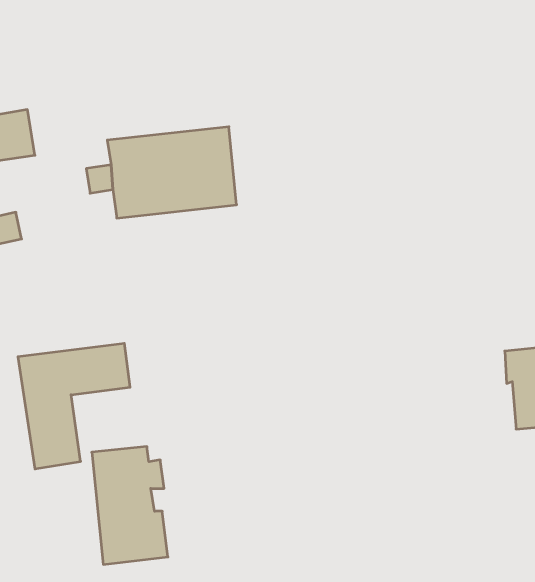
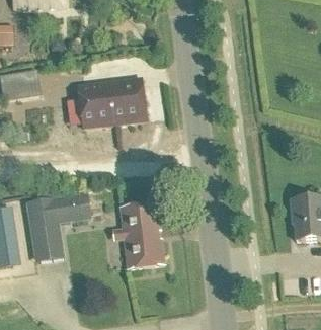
building: [92,447,168,564] -> [123,204,163,267]

